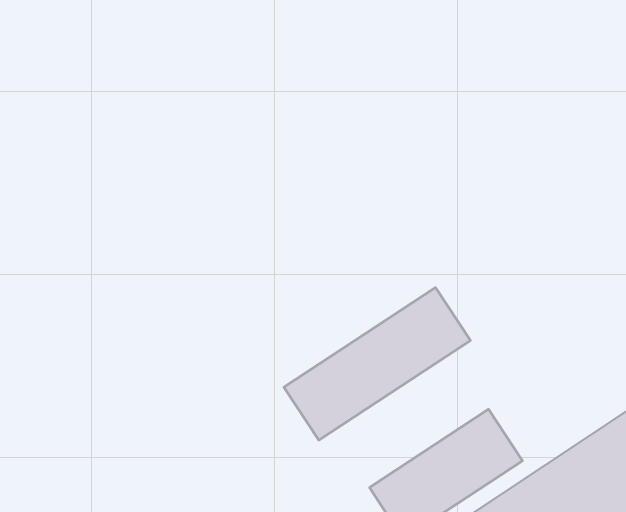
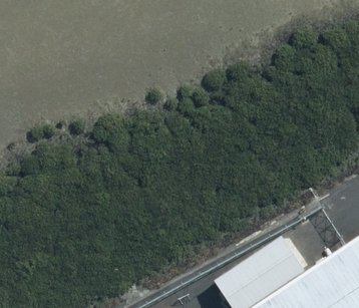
building: [284,287,471,440] -> none

